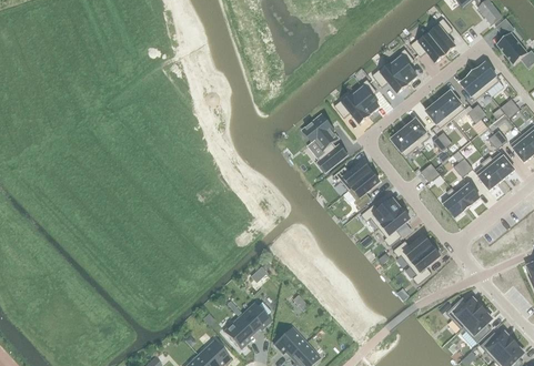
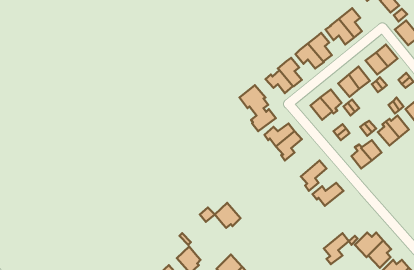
building: [361,197,402,227] -> none
building: [409,245,440,284] -> [324,233,349,264]
building: [239,301,271,332] -> [215,203,240,228]

